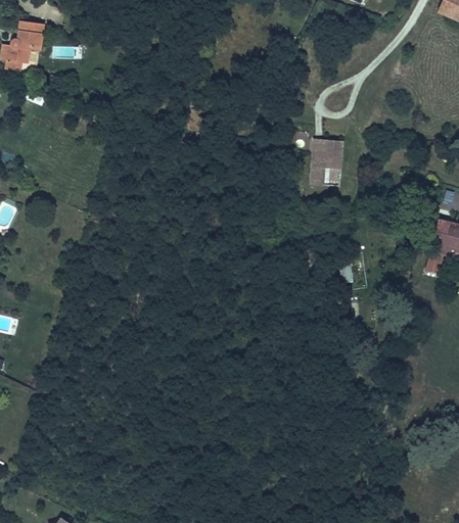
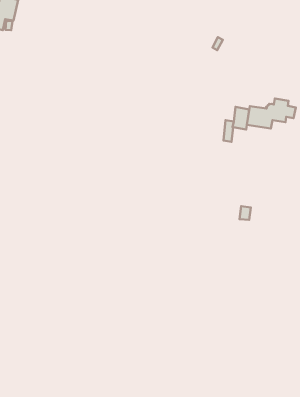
building: none -> [247,99,296,128]

